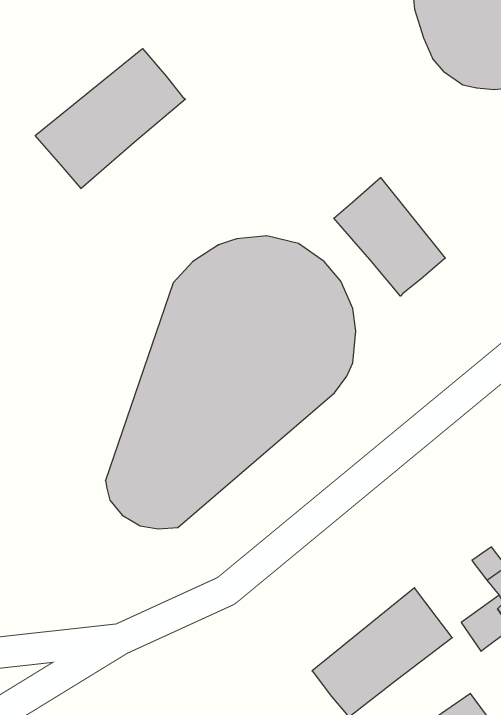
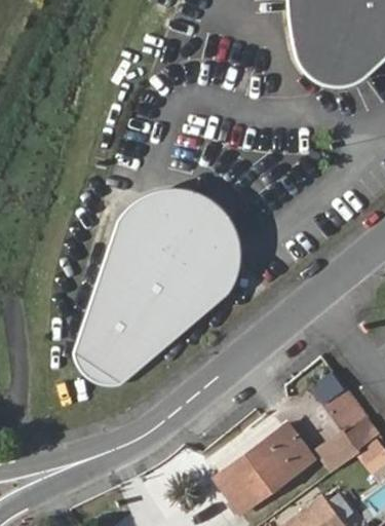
building: [35,49,185,189] -> none
building: [334,178,445,296] -> none

